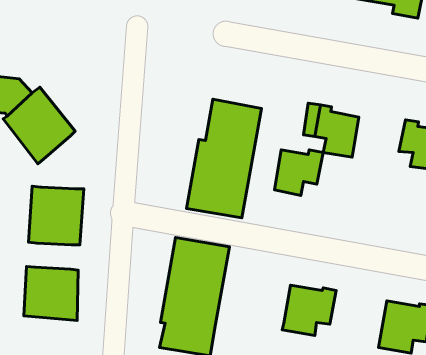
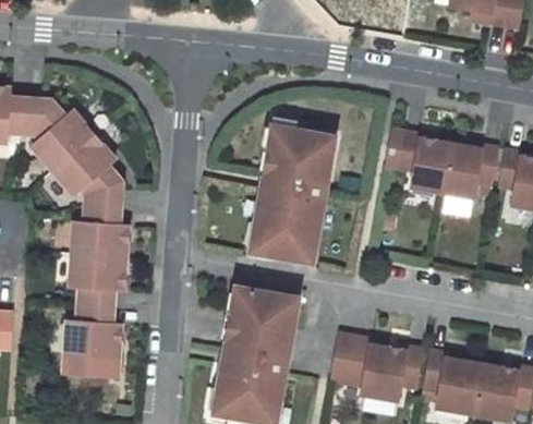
building: none -> [80,167,123,229]
building: [275,150,323,195] -> [441,145,498,198]
building: none -> [72,292,114,323]
building: none -> [329,332,370,386]
building: none -> [421,349,482,414]

